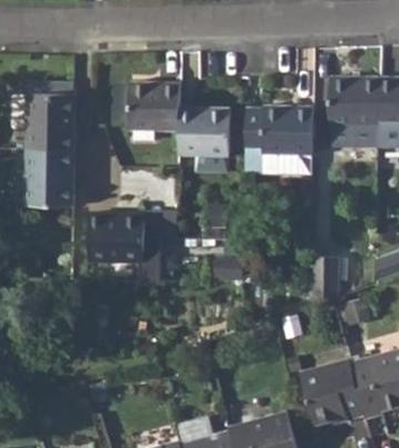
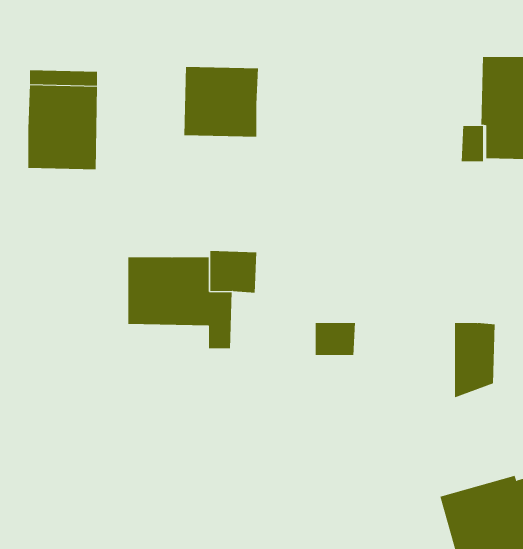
building: [244,106,312,173] -> none
building: [177,108,228,156] -> none
building: [20,152,68,207] -> none

